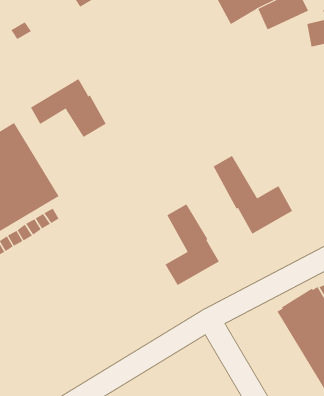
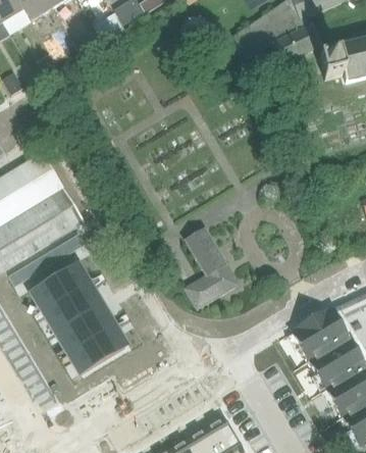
building: [30,78,106,138] -> none
building: [213,155,293,235] -> none
building: none -> [33,264,125,372]

